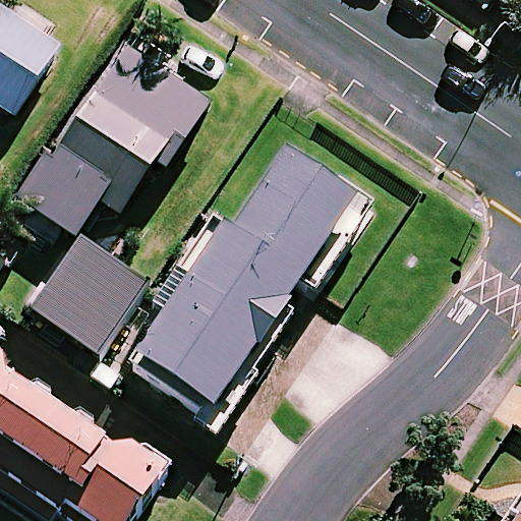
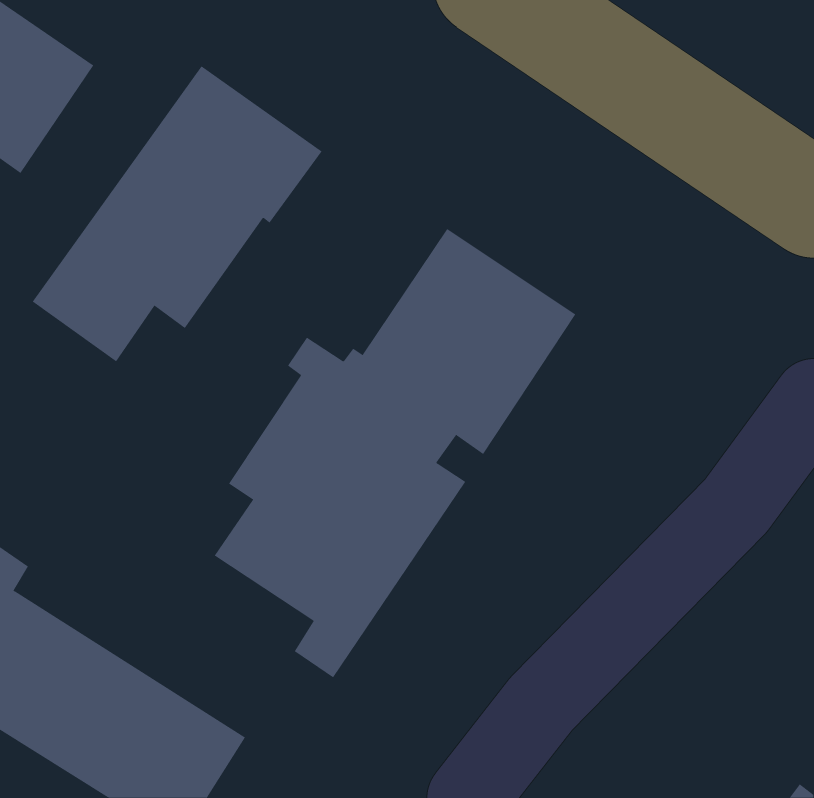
building: [31,231,147,349] -> none

